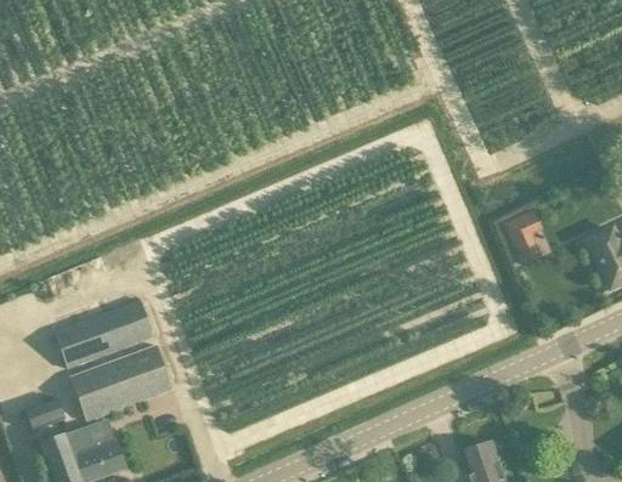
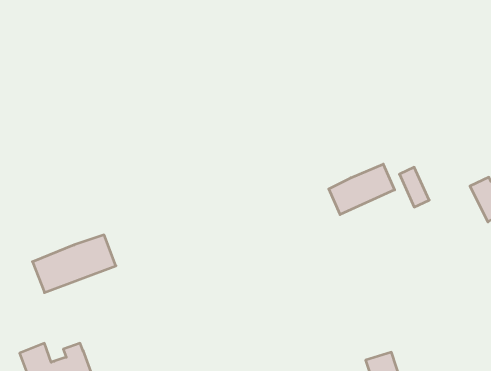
building: none -> [329,164,395,215]
building: [70,342,174,420] -> none
building: [27,397,67,430] -> none

